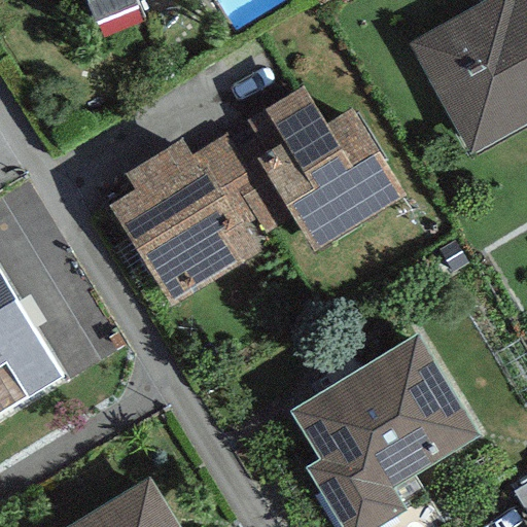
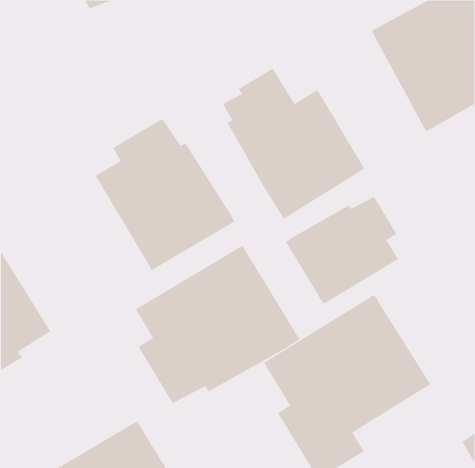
building: [200,138,294,242] -> none
building: none -> [285,196,399,305]
building: none -> [135,245,300,404]

